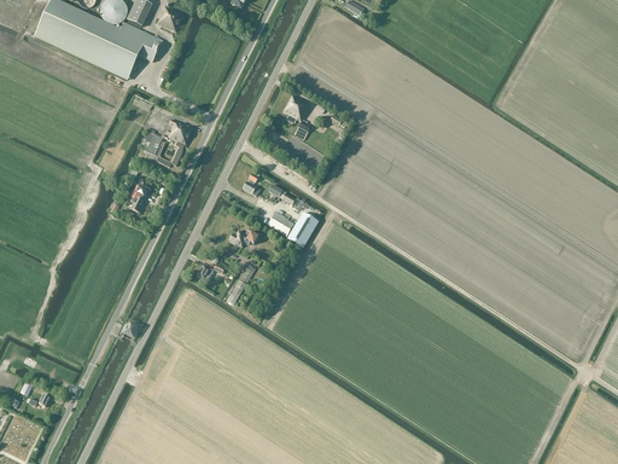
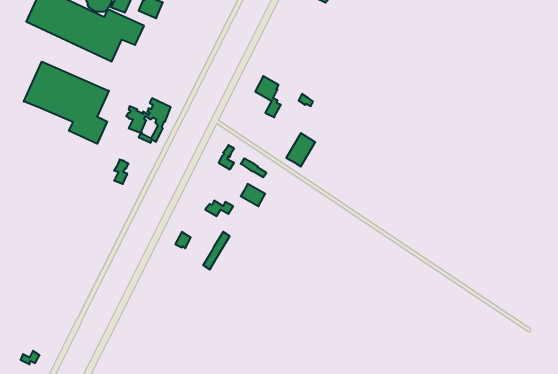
building: none -> [24,62,109,144]
building: [286,211,317,248] -> [286,133,315,167]

